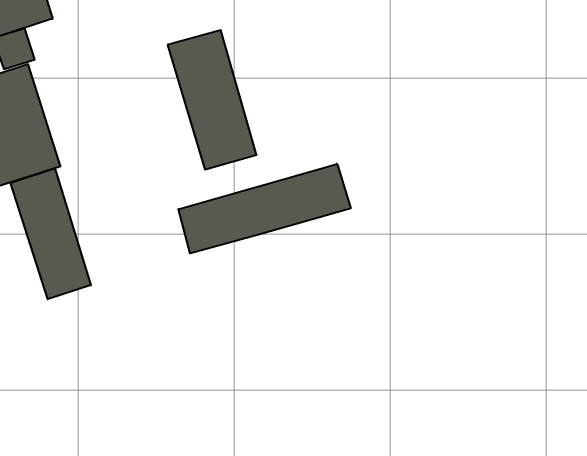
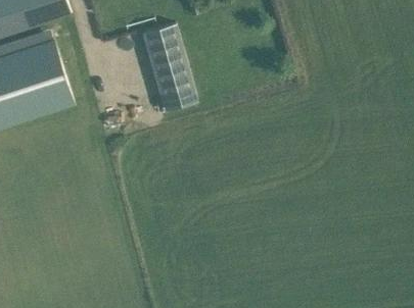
building: [178,164,351,253] -> none
building: [10,168,91,299] -> none

